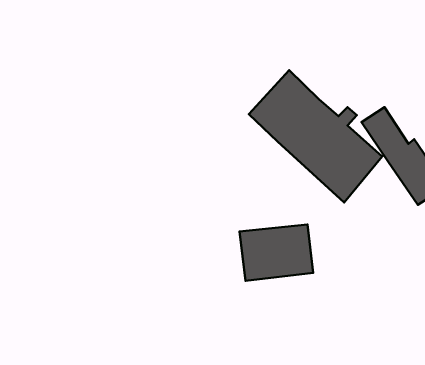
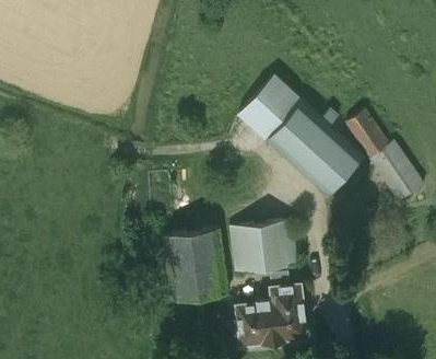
building: none -> [162,228,228,302]
building: none -> [224,273,306,345]

